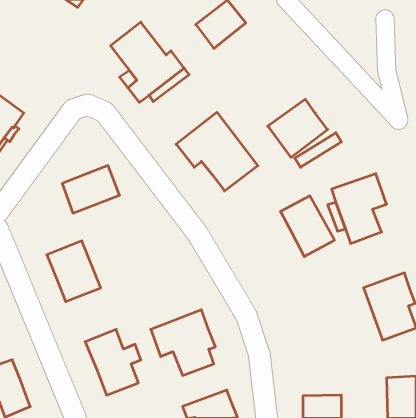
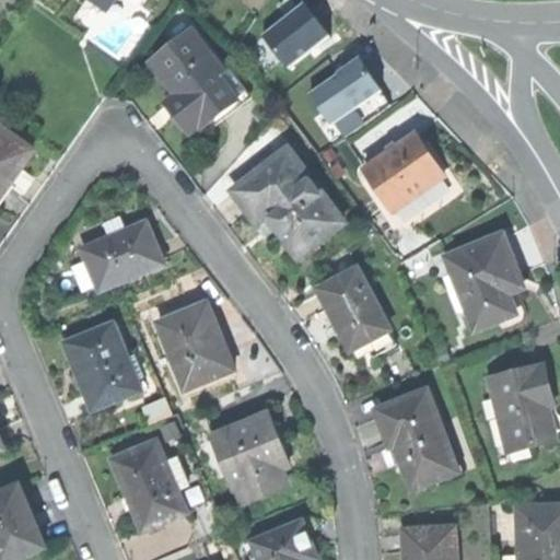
building: none -> [308,55,383,122]
building: [280,196,334,257] -> [314,265,386,346]
building: none -> [156,304,226,384]
building: none -> [373,388,458,488]

